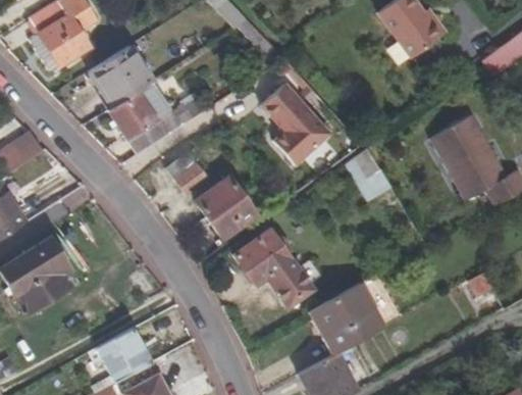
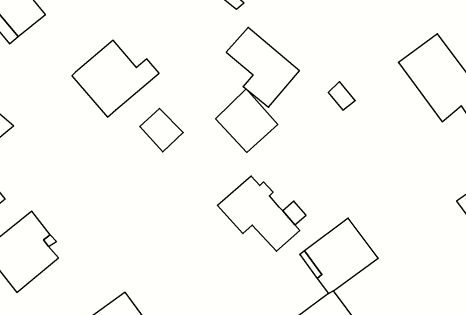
building: [89,45,153,106] -> none
building: [196,176,256,238] -> [216,89,278,152]

